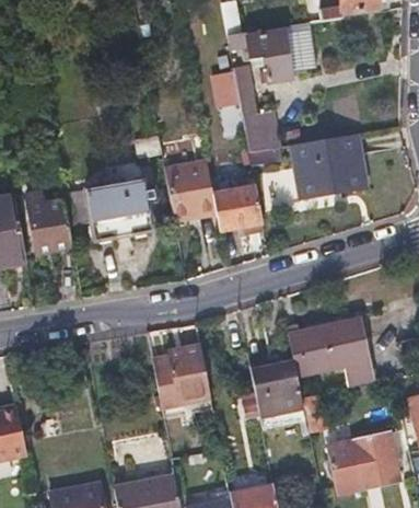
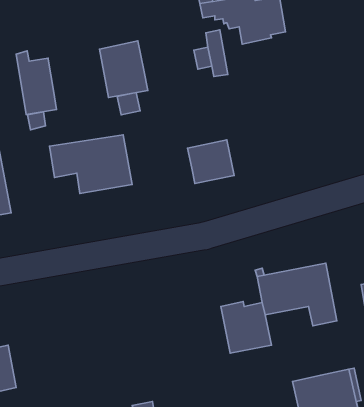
building: [241,111,279,151] -> none
building: [291,131,366,198] -> none
building: [164,162,217,223] -> [99,41,148,98]
building: [27,183,71,252] -> [16,51,56,115]
building: [151,345,210,412] -> none

